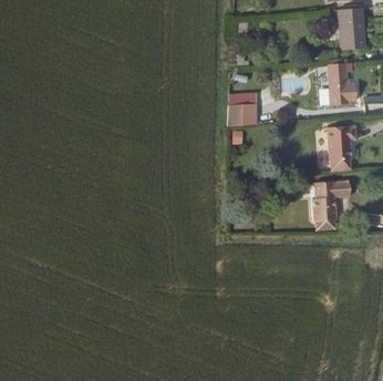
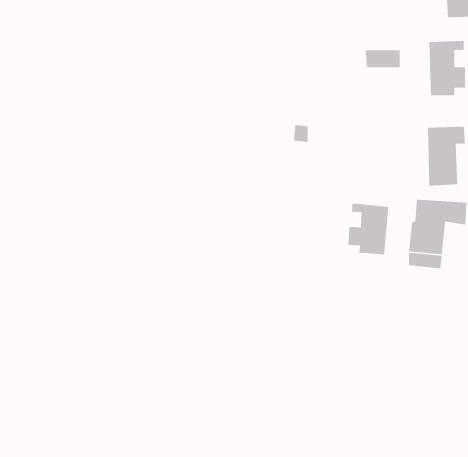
building: [231,101,259,122] -> none
building: none -> [348,202,389,255]

